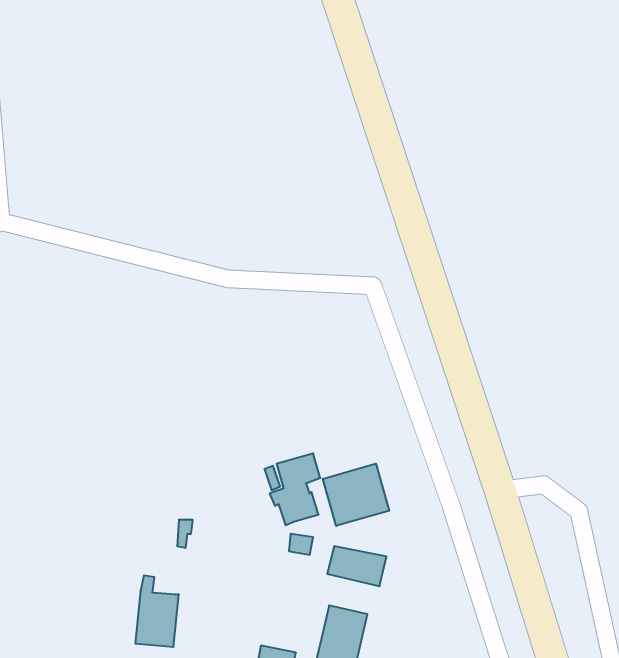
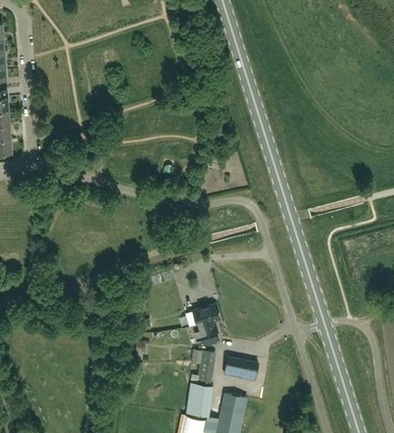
building: [323,464,389,526] -> none
building: [135,575,179,647] -> [187,375,212,417]

